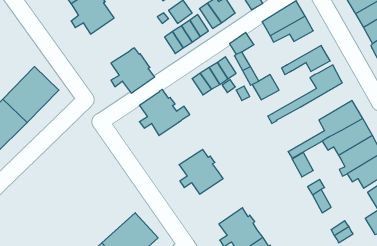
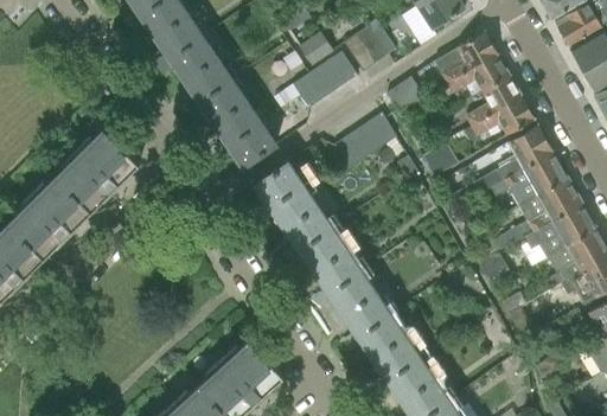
building: none -> [184,56,245,122]
building: none -> [465,75,520,124]
building: none -> [490,151,566,205]
building: none -> [283,197,347,270]
building: none -> [343,290,405,357]

